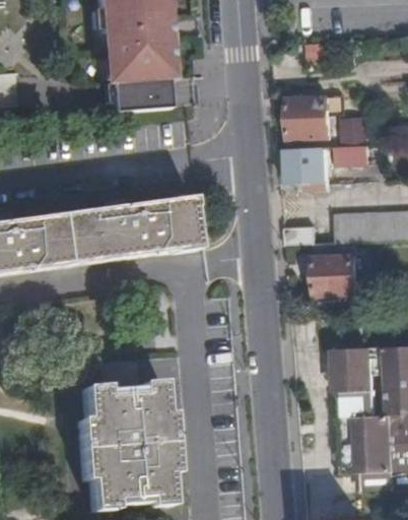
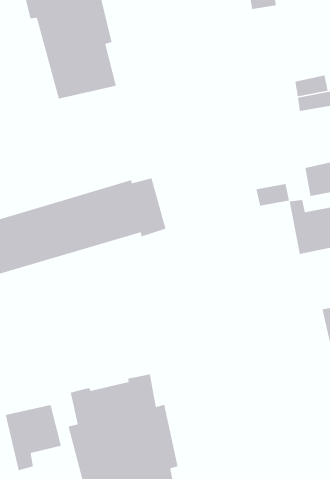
building: [291,93,332,135] -> none
building: [288,144,330,188] -> none
building: none -> [5,404,62,471]

